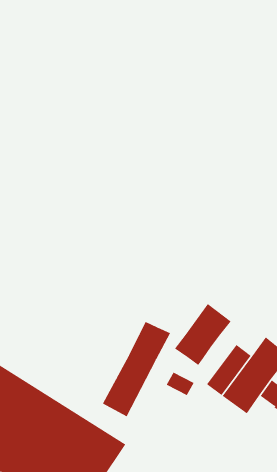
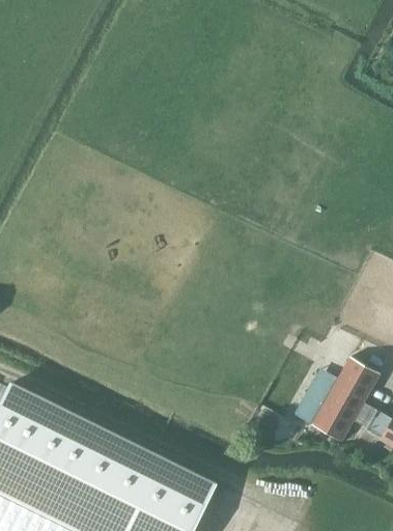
building: [174,303,232,366] -> none
building: [102,321,171,417] -> none

